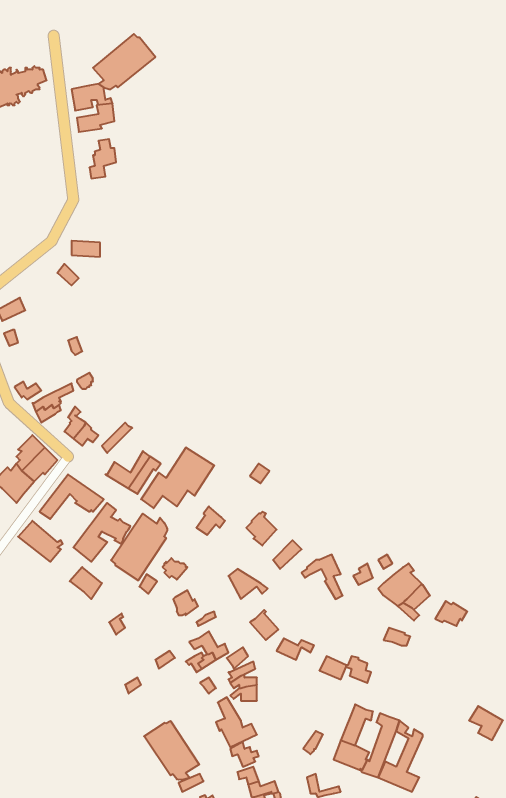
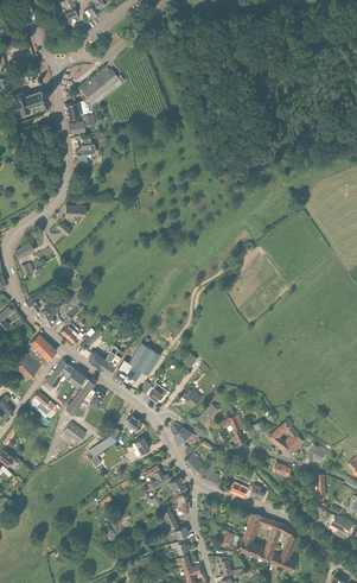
building: [111,514,167,581] -> none
building: [144,721,199,780] -> none

